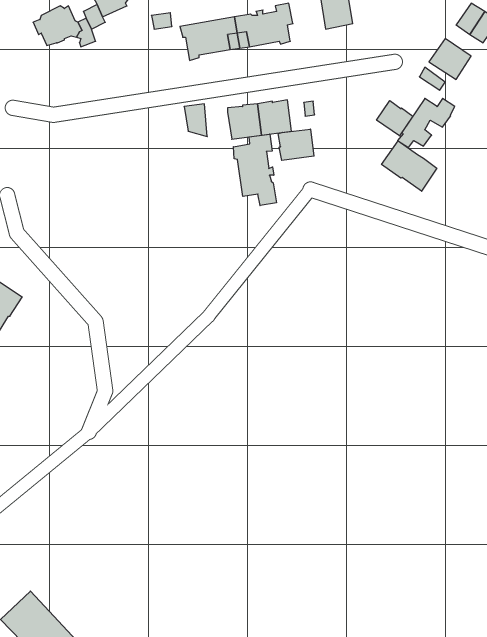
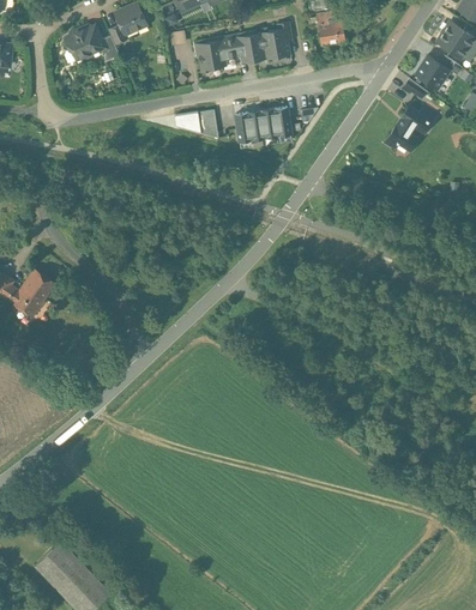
building: [377,101,413,136] -> none
building: [278,129,314,160] -> none
building: [233,134,276,206] -> none
building: [382,141,437,191] -> none

